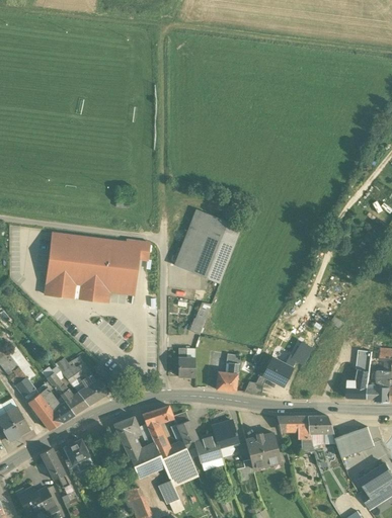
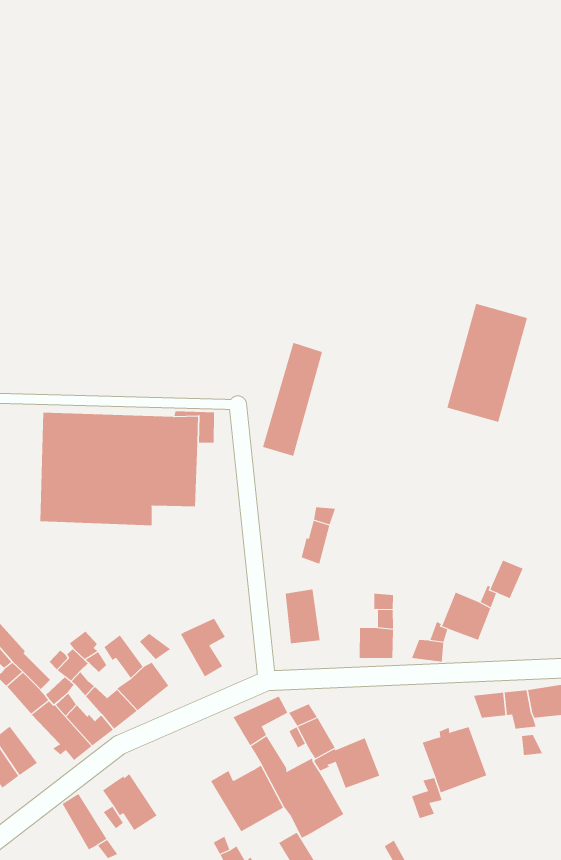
building: [190,215,241,283] -> [447,303,528,422]
building: [113,416,139,448] -> [180,618,226,677]
building: [212,420,237,446] -> none

